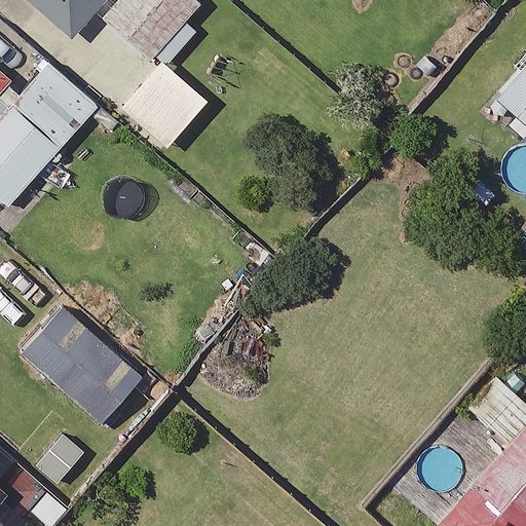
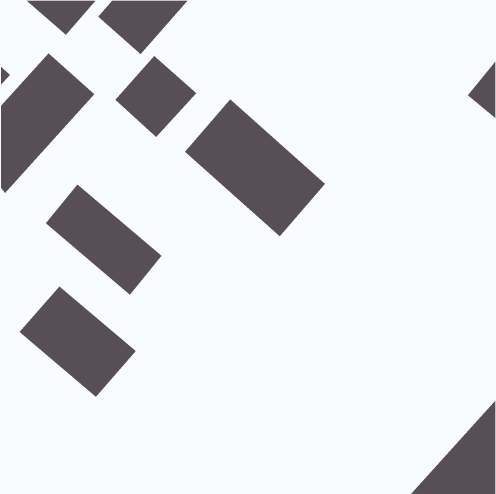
building: none -> [184,98,326,237]
building: none -> [45,183,163,296]

